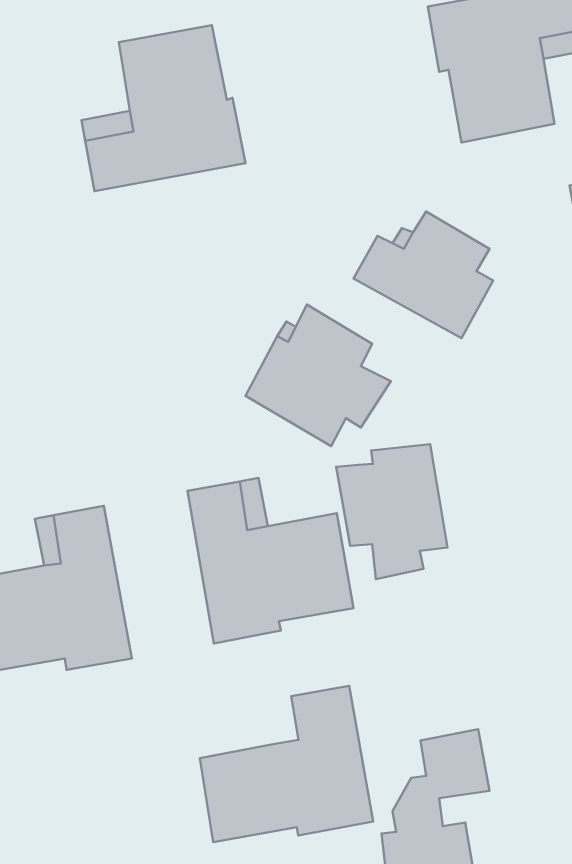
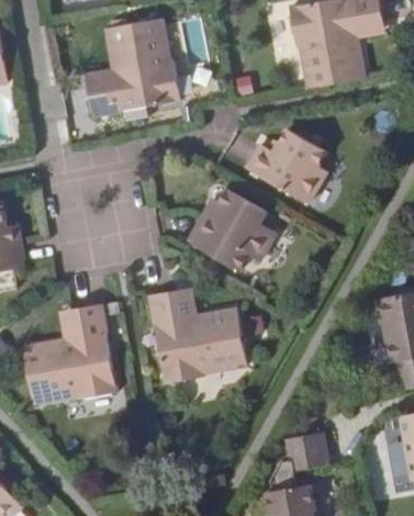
building: [336,444,447,579] -> none
building: [200,686,373,842] -> none

